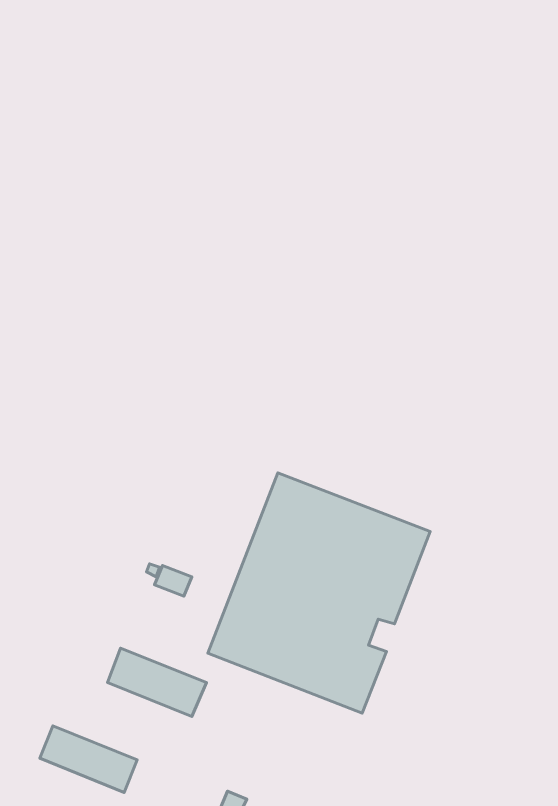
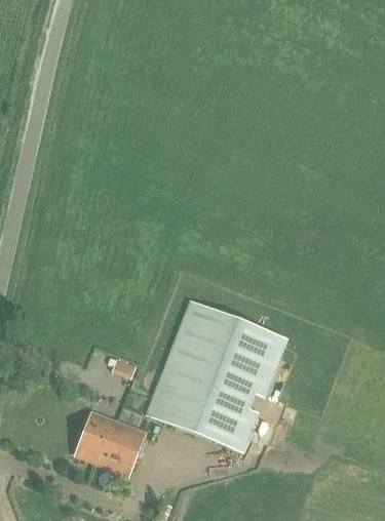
building: [40,726,137,792] -> [75,433,137,475]

